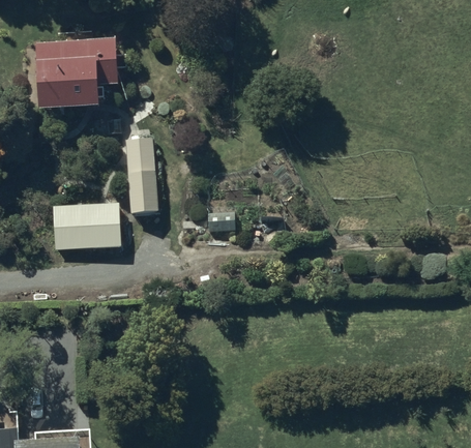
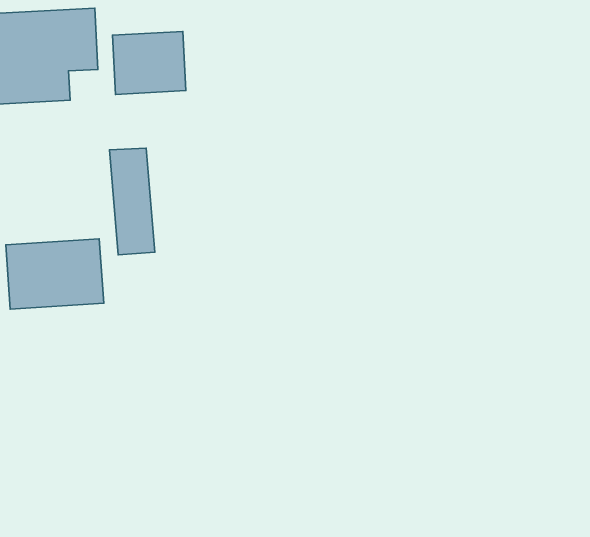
building: none -> [113,31,186,94]

